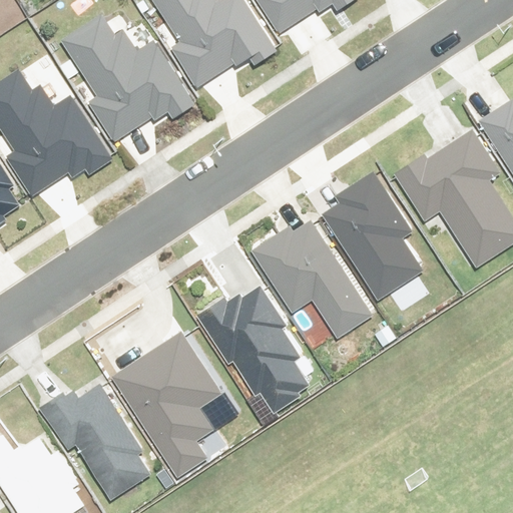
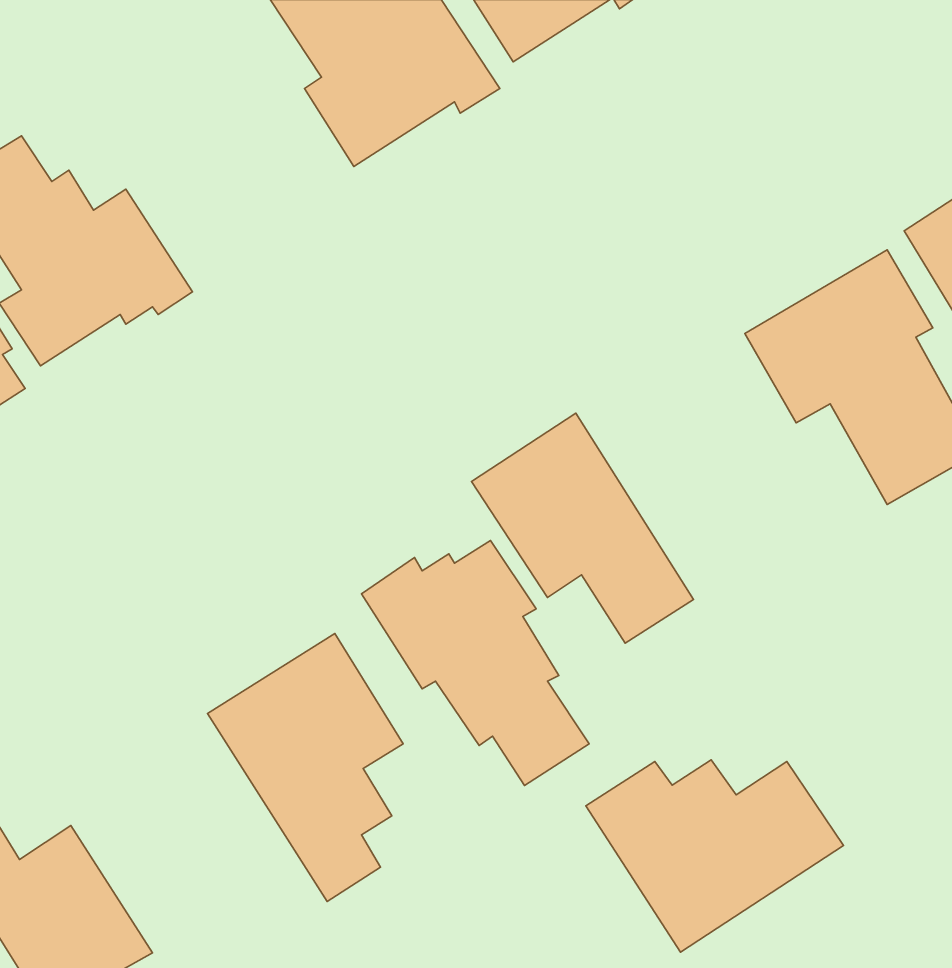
building: [63,12,192,146] -> none
building: [325,166,431,305] -> none
building: [45,386,153,497] -> none
building: none -> [586,760,844,952]

